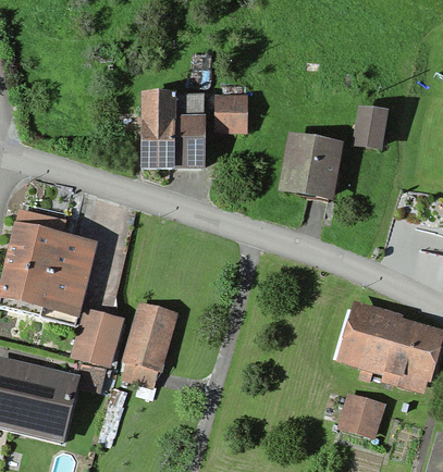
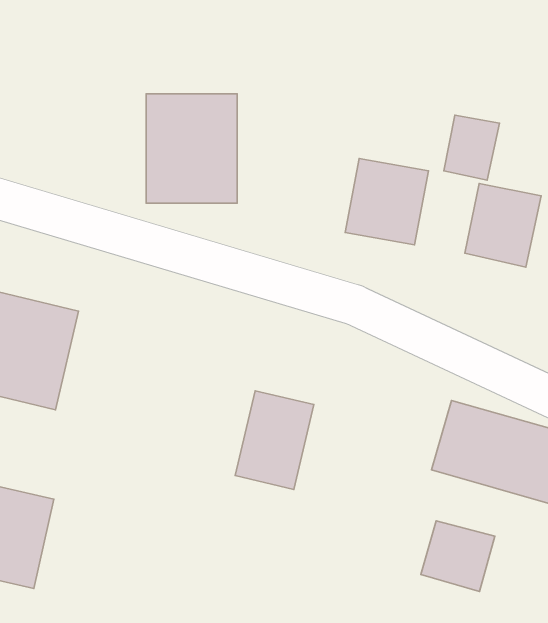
building: [214,96,249,134] -> none
building: none -> [465,184,541,267]
building: [122,303,177,373] -> [235,391,314,489]
building: [70,309,122,369] -> none

